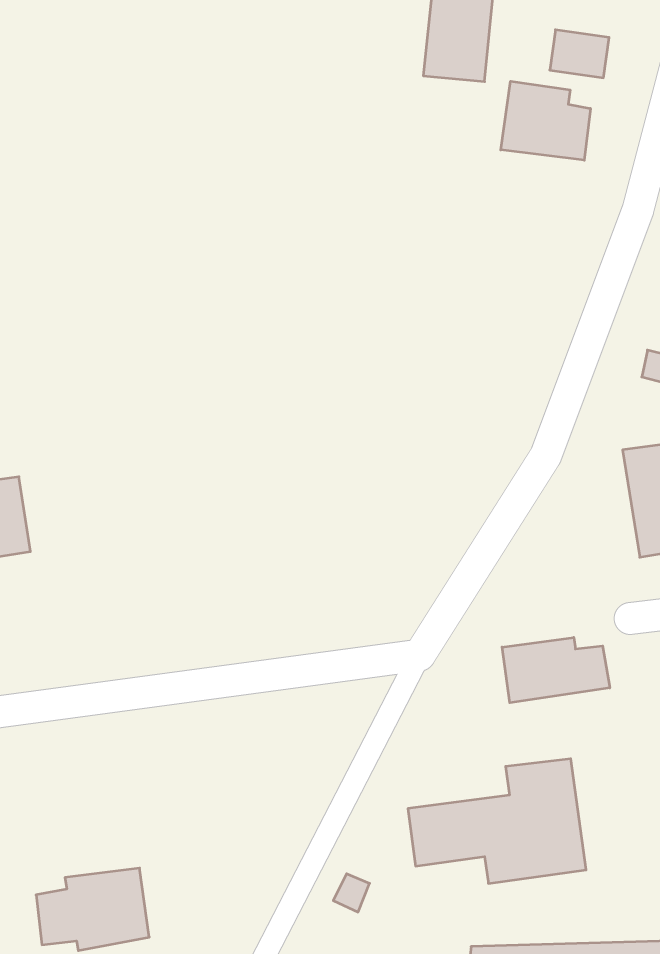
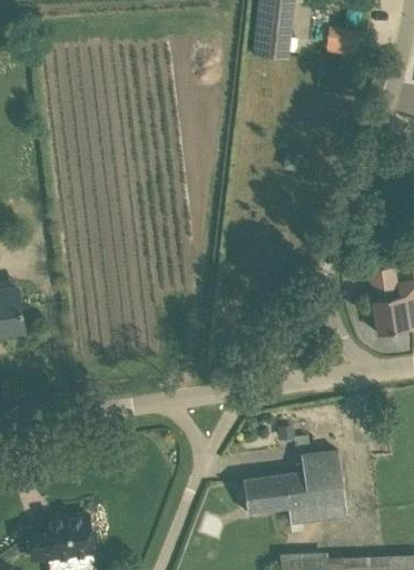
building: [501,81,590,160] -> none
building: [502,637,610,703] -> none

